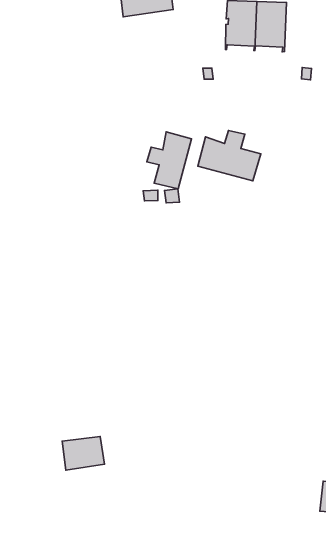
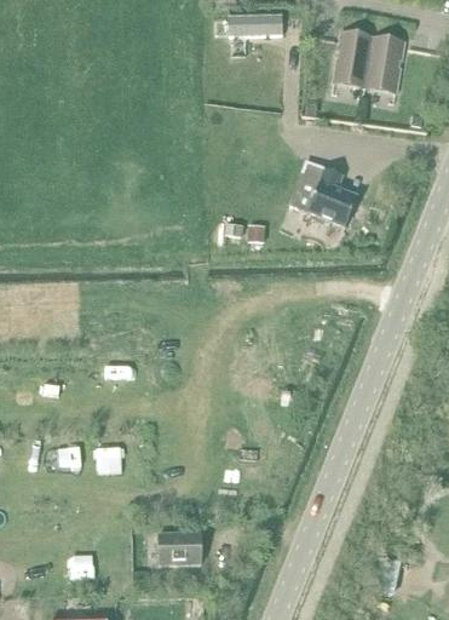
building: [147,132,192,189] -> none
building: [62,436,105,470] -> [159,533,201,564]

